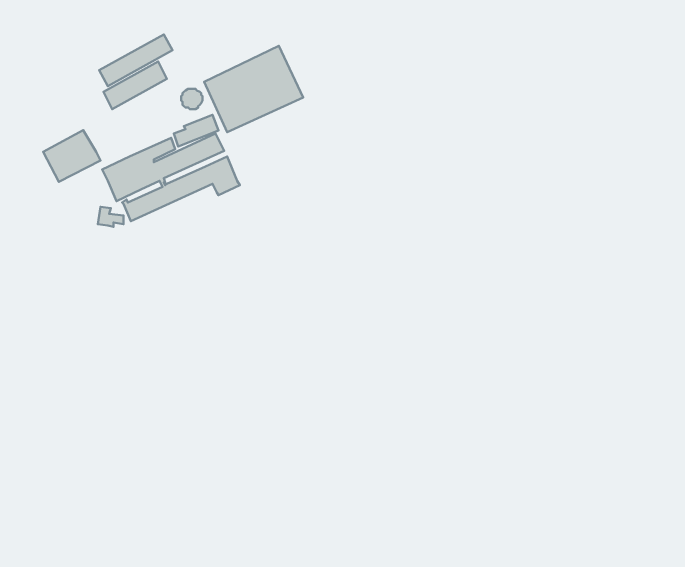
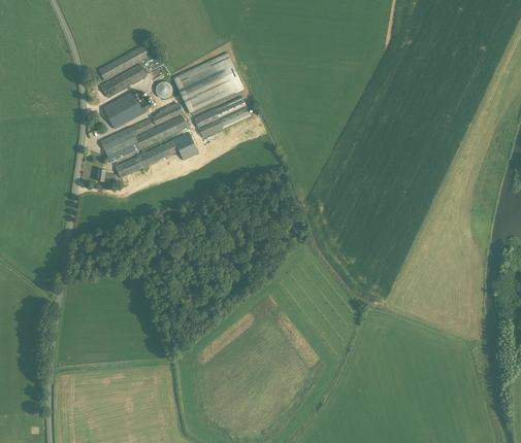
building: none -> [192,96,250,138]
building: [43,130,100,182] -> [101,92,142,129]

